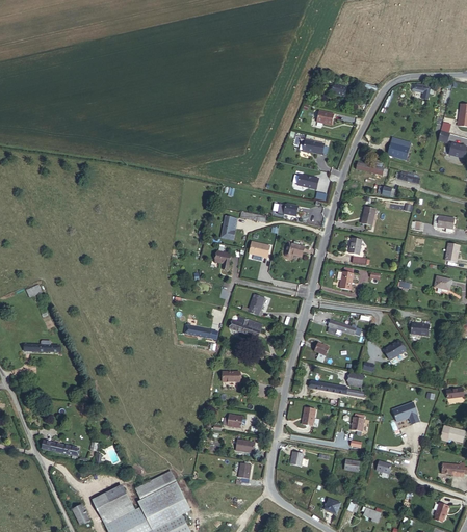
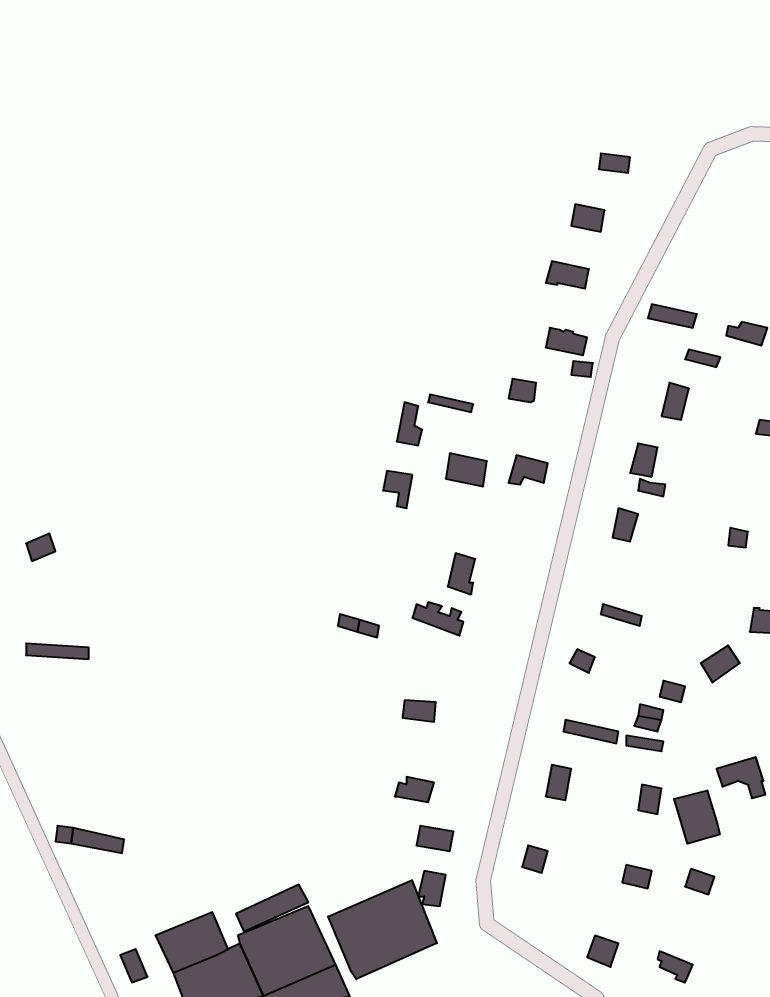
building: [386,137,411,161] -> none
building: none -> [674,790,720,844]
building: none -> [328,880,437,979]

